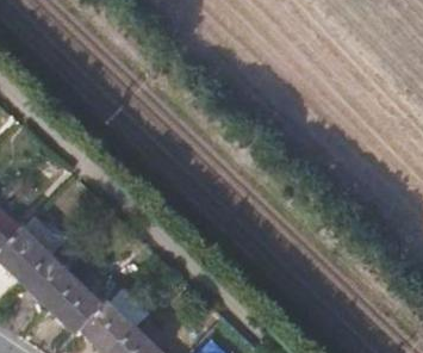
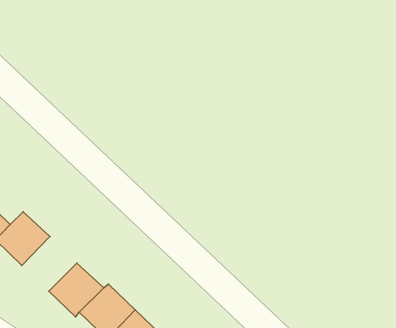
building: [24,253,80,309] -> none

